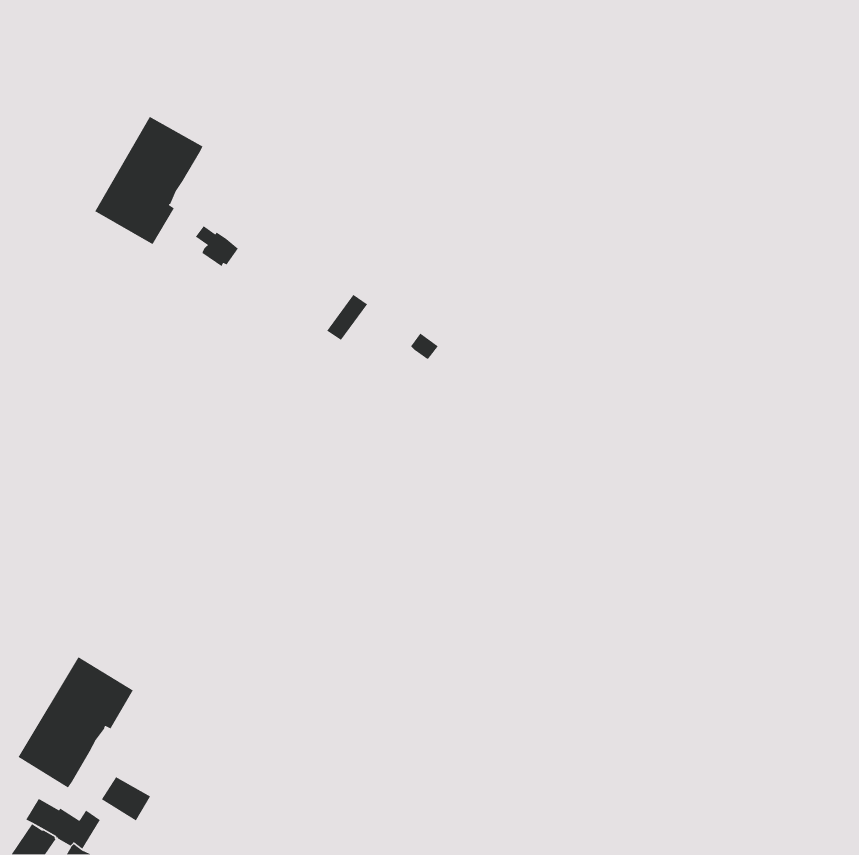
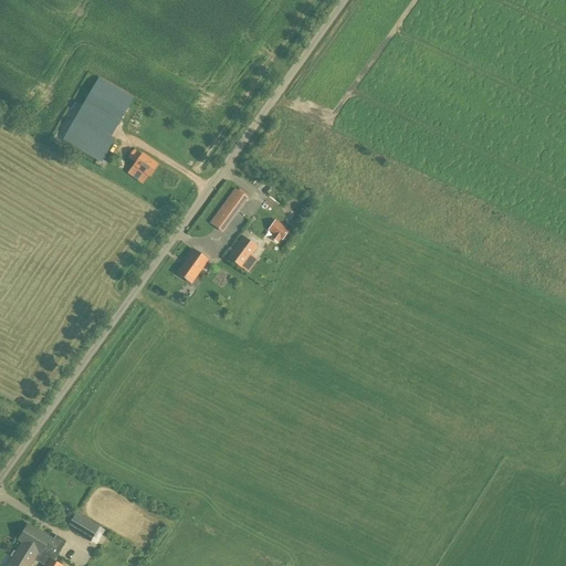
building: none -> [228,235,256,270]
building: none -> [176,248,208,283]
building: [18,656,134,788] -> none

